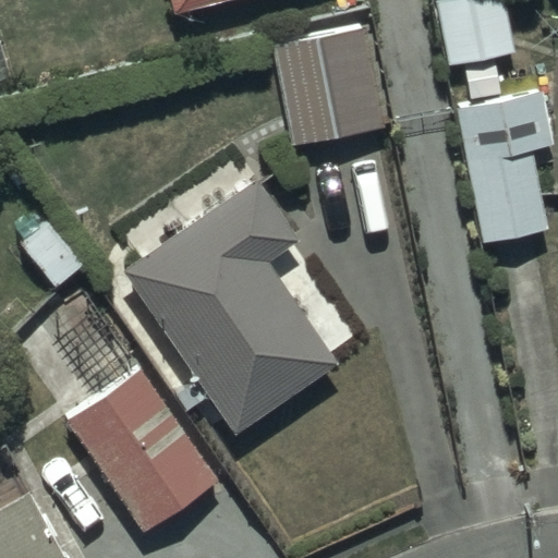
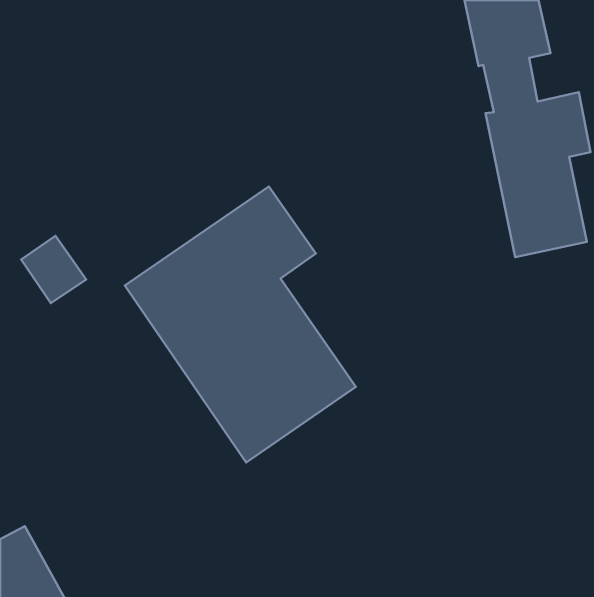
building: [272,27,387,148] -> none
building: [70,368,218,529] -> none

